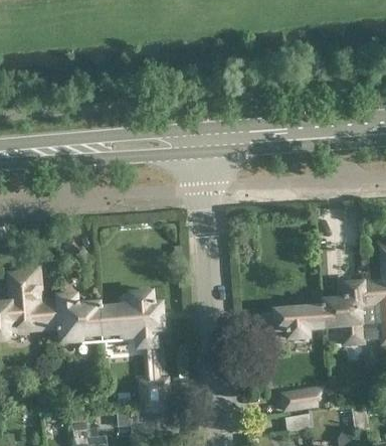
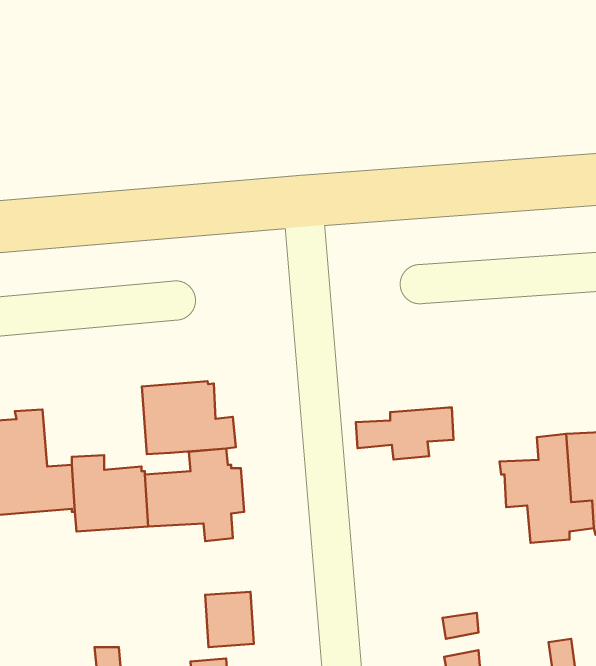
building: none -> [142,381,236,454]
building: [265,307,326,339] -> [356,407,454,459]

